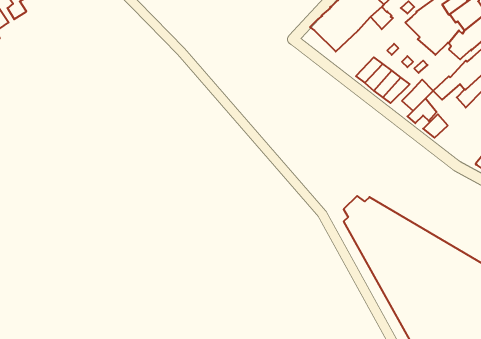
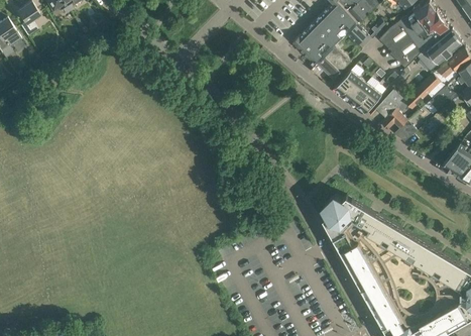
building: none -> [310,45,350,84]

